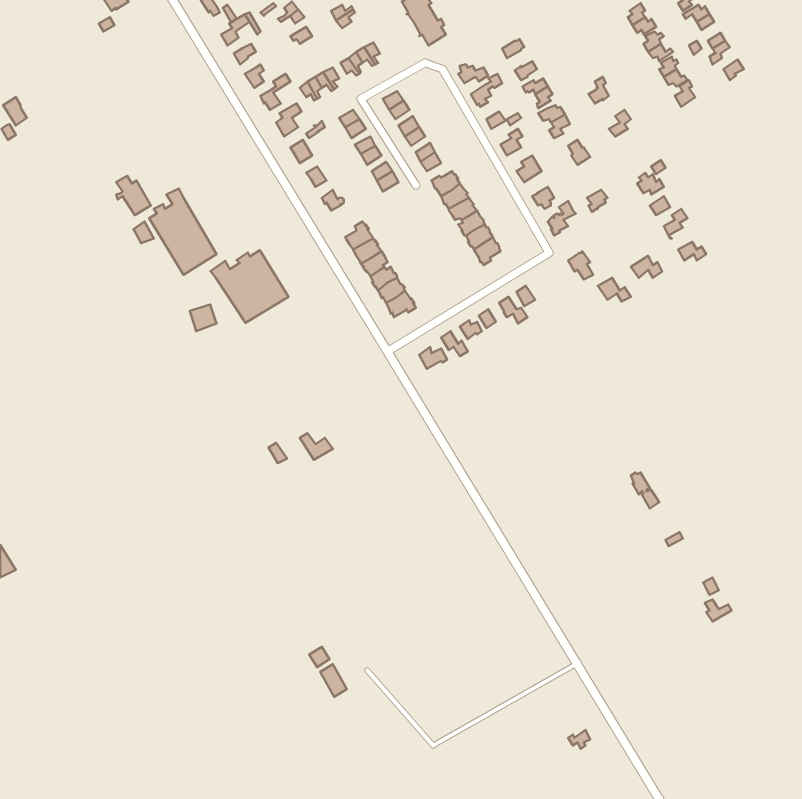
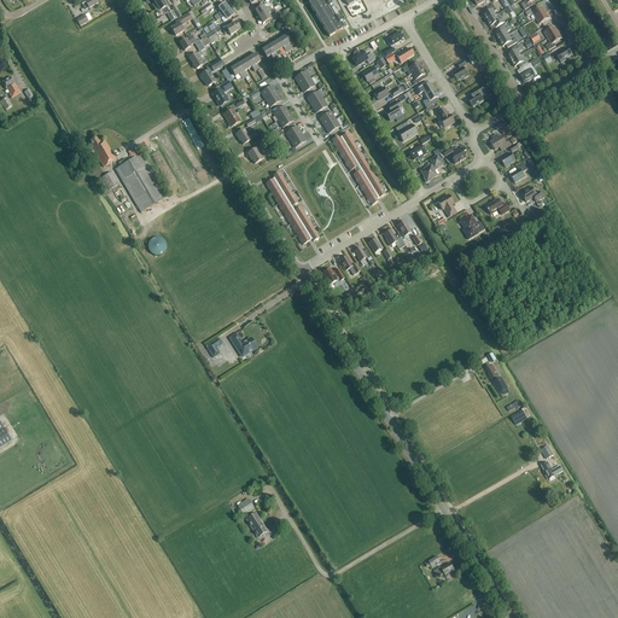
building: [210,250,288,323] -> none

